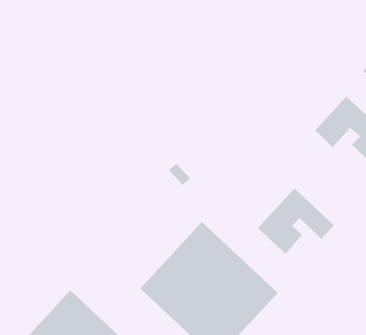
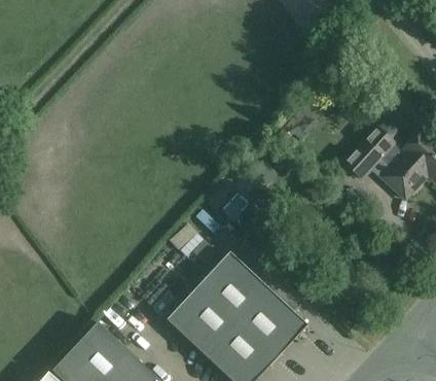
building: [257,188,335,254] -> none

